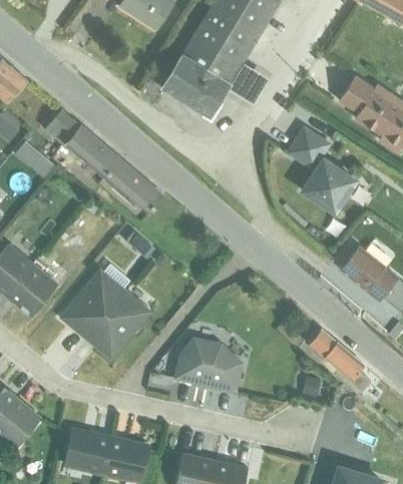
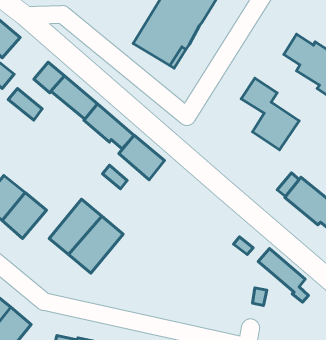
building: [228,62,269,104] -> none
building: none -> [119,135,165,180]
building: [175,338,243,391] -> none

